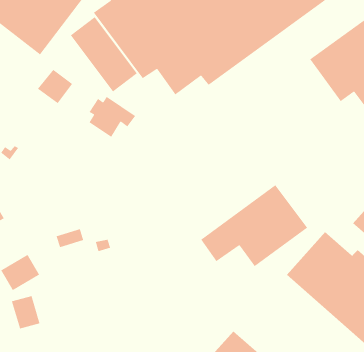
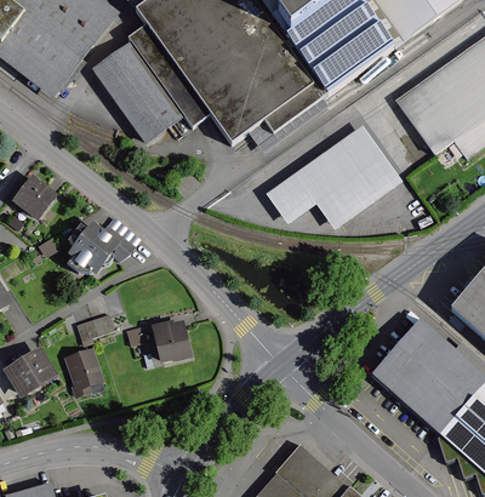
building: [37,69,73,104] -> [13,173,59,218]
building: [88,96,136,138] -> [72,221,132,274]
building: [200,184,308,267] -> [267,124,404,229]
building: none -> [153,319,192,364]
building: [11,295,41,329] -> [64,347,102,390]

